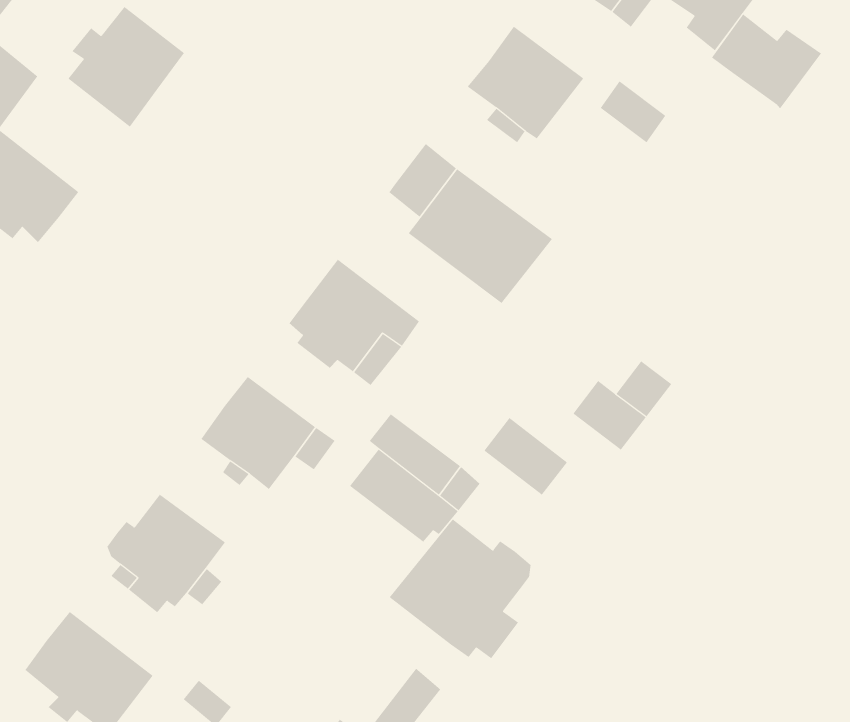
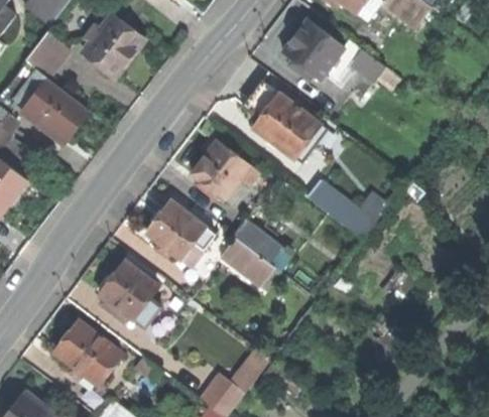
building: [711,13,822,109] -> none
building: [484,417,568,496] -> [308,179,351,220]
building: [389,519,531,659] -> none

